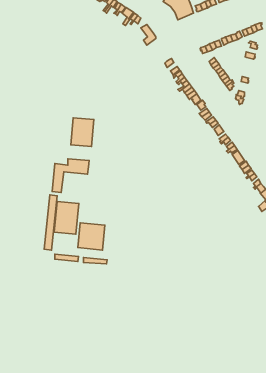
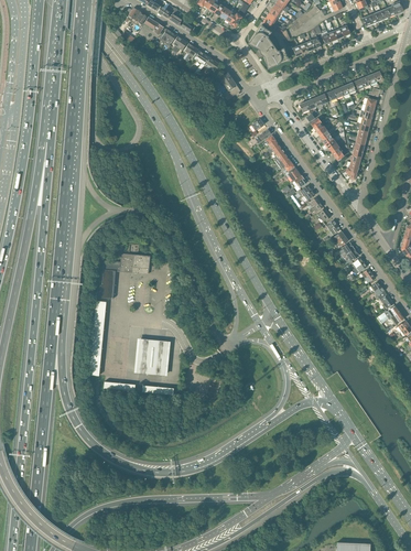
building: [71,118,94,147] -> none
building: [54,201,79,234] -> none

